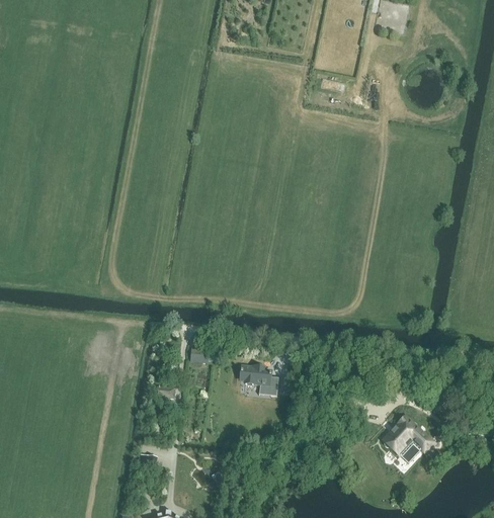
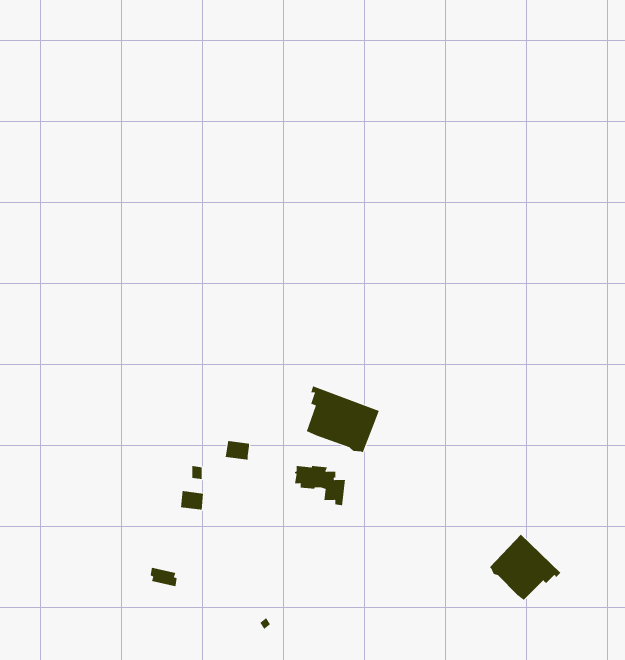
building: none -> [306,386,379,453]

